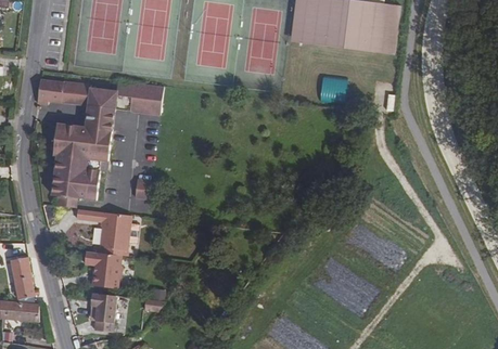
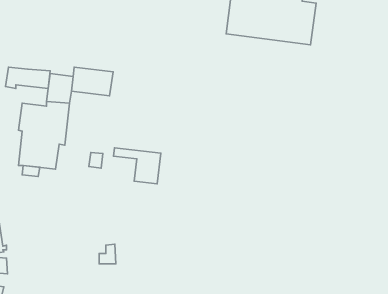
building: [76,208,131,250] -> [114,148,161,184]
building: [84,250,122,287] -> none
building: [90,293,116,332] -> none

